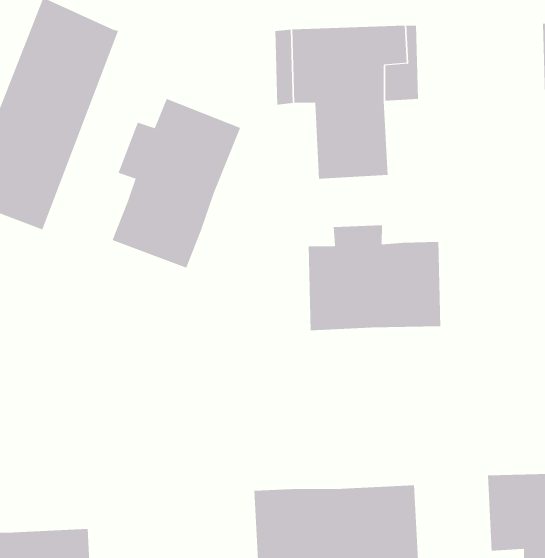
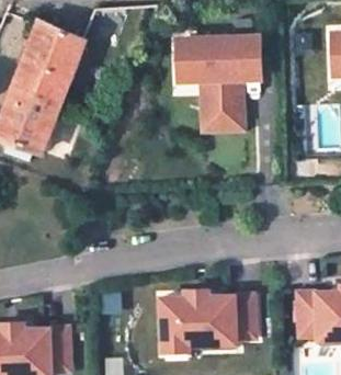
building: [112,98,241,268] -> none
building: [308,224,441,331] -> none

